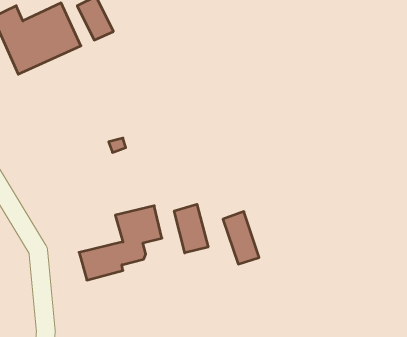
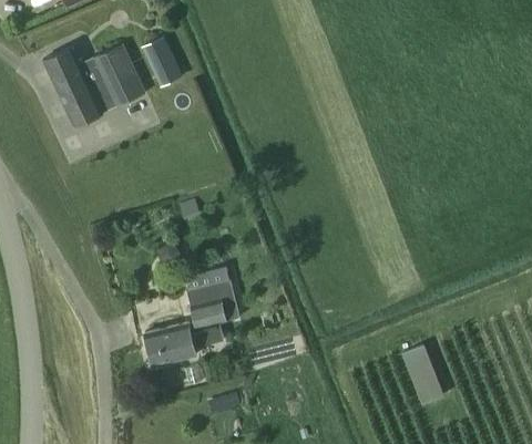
building: [174,204,208,253] -> none
building: [223,212,259,264] -> [403,341,446,402]

